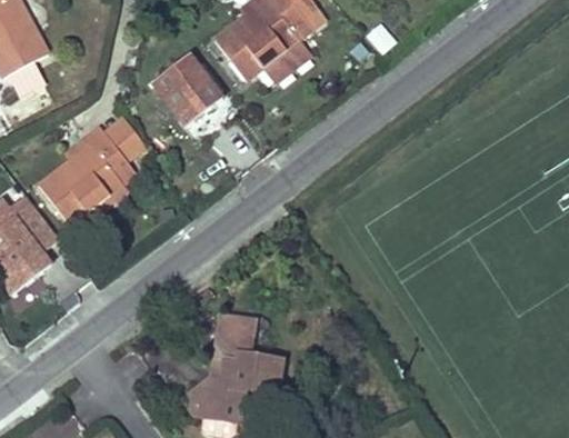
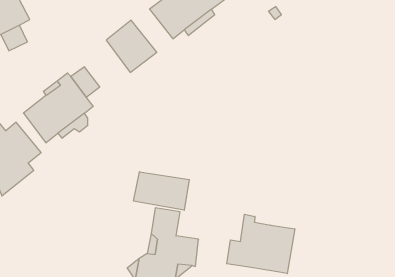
building: none -> [134,172,189,210]
building: none -> [227,214,295,274]

